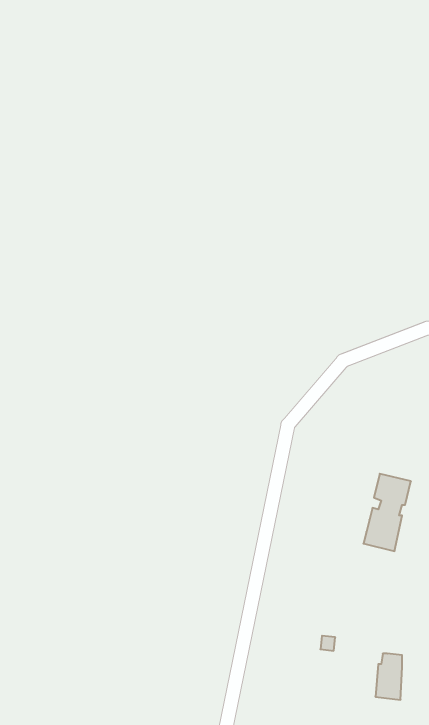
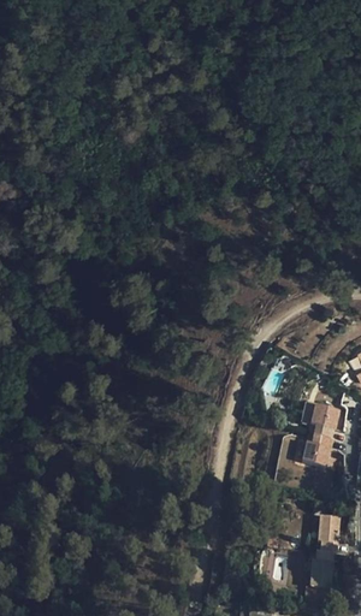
building: none -> [319,515,339,551]

